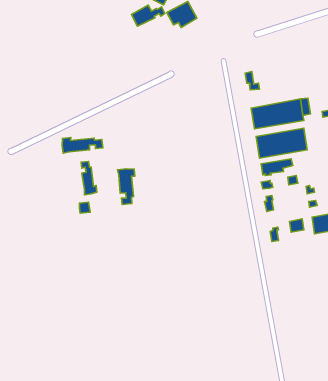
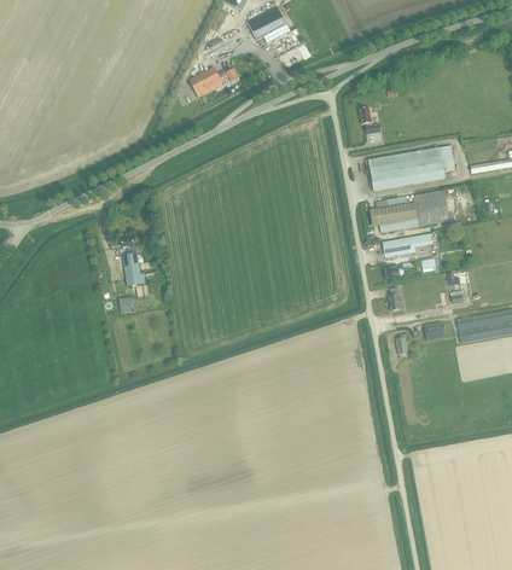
building: [132,5,165,26] -> [190,65,238,95]
building: [62,138,103,153] -> none
building: [118,169,135,205] -> none

